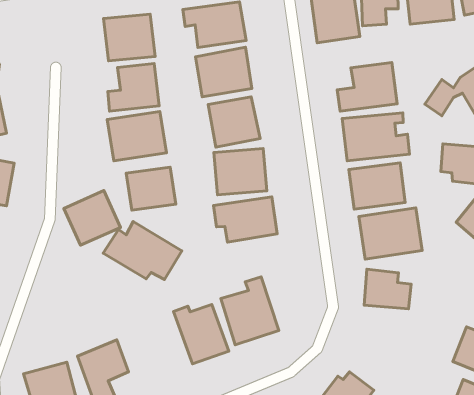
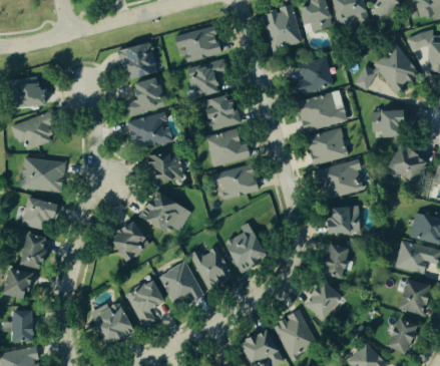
building: [64,191,120,245] -> [108,221,150,262]
building: none -> [320,243,350,280]
building: none -> [160,261,203,306]

